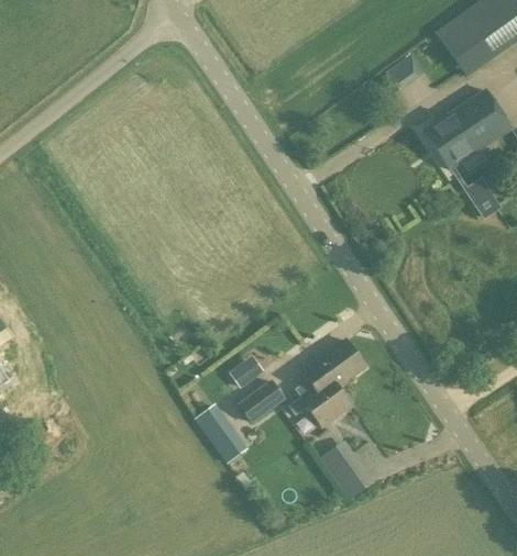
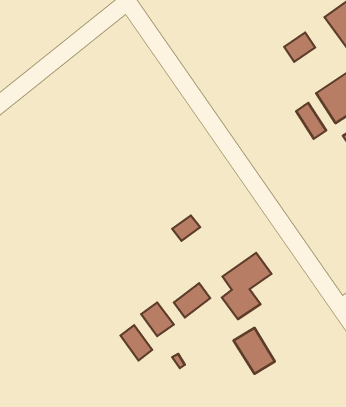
building: none -> [296,103,326,139]
building: [229,355,265,388] -> [172,215,200,241]
building: none -> [120,325,152,360]

